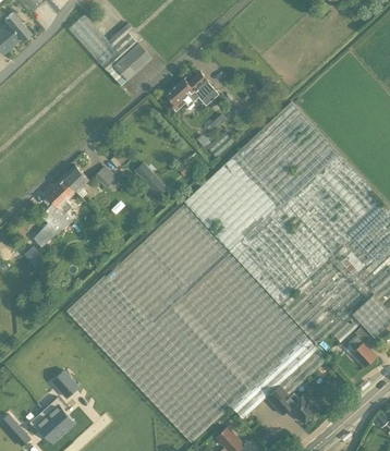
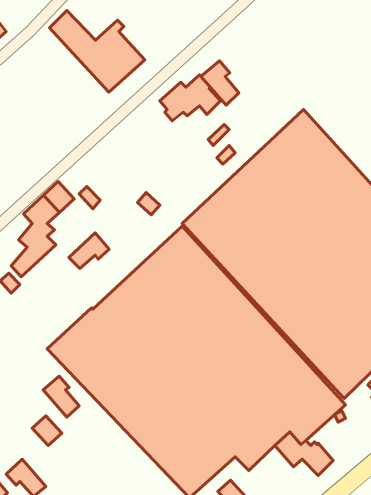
building: none -> [201,61,239,105]
building: none -> [69,233,109,268]
building: [44,397,75,432] -> [43,376,79,417]

